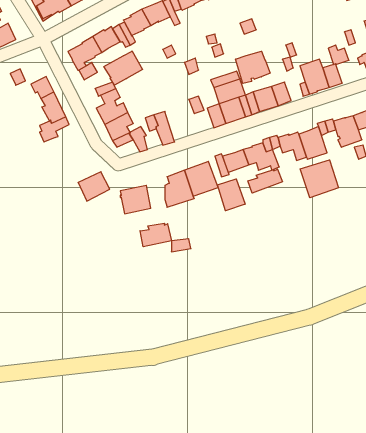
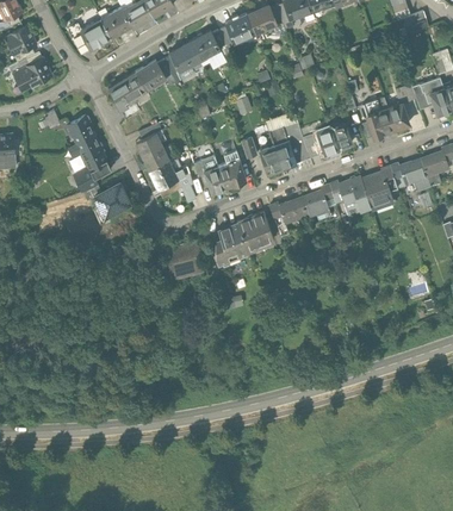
building: [104,51,143,85] -> none
building: [236,51,270,83] -> none
building: none -> [218,151,247,188]
building: [300,160,338,198] -> none
building: [248,169,282,193] -> none
building: [78,172,110,201] -> [94,181,129,213]
building: [217,179,245,211] -> none
building: [140,223,171,247] -> none

